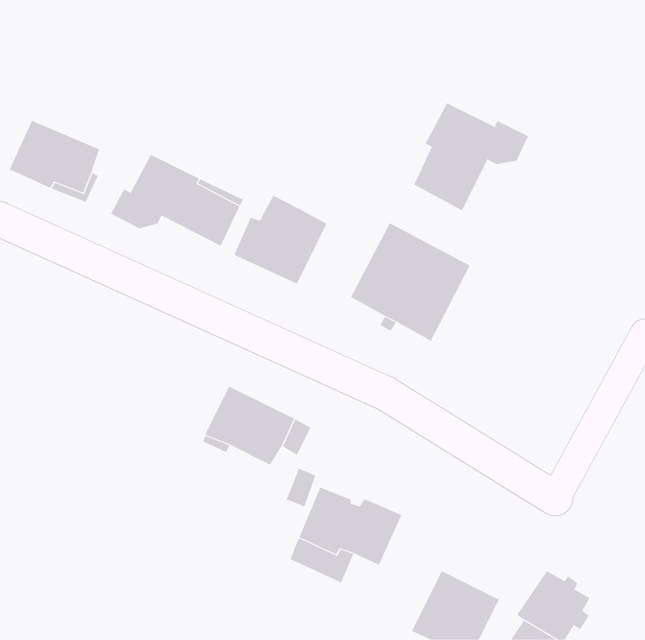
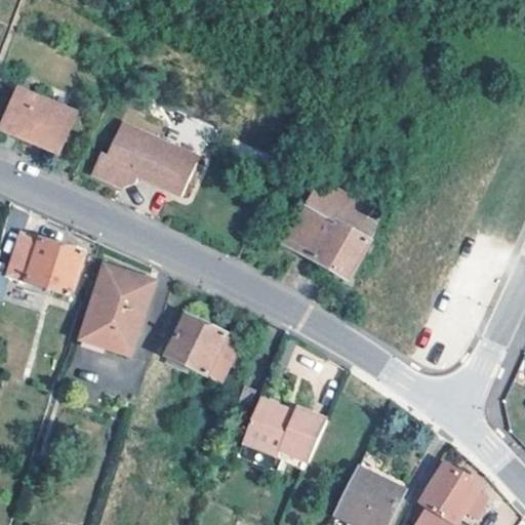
building: [413,102,529,211] -> none
building: [233,195,327,285] -> none
building: none -> [8,232,83,291]
building: none -> [81,265,154,353]

